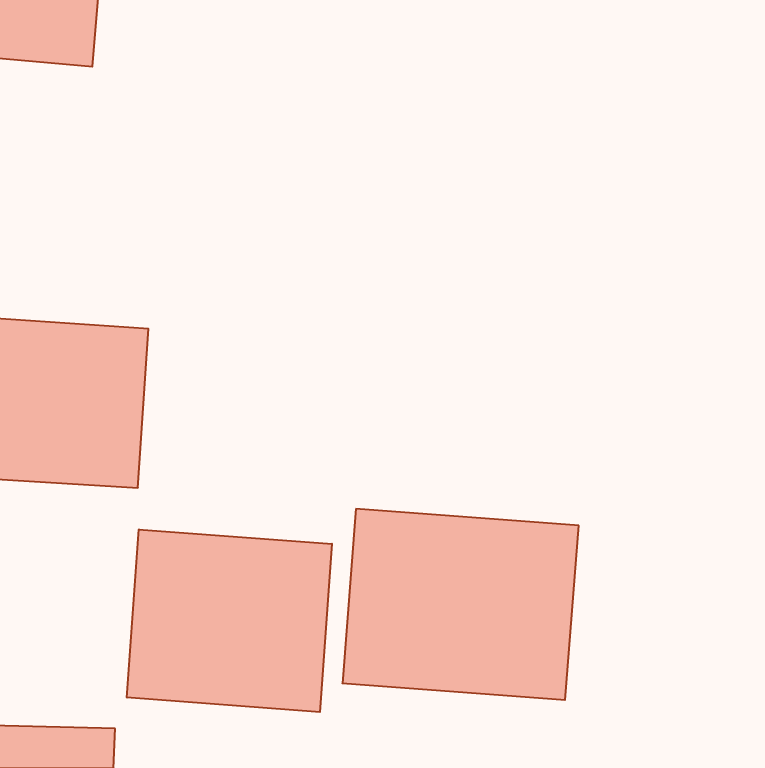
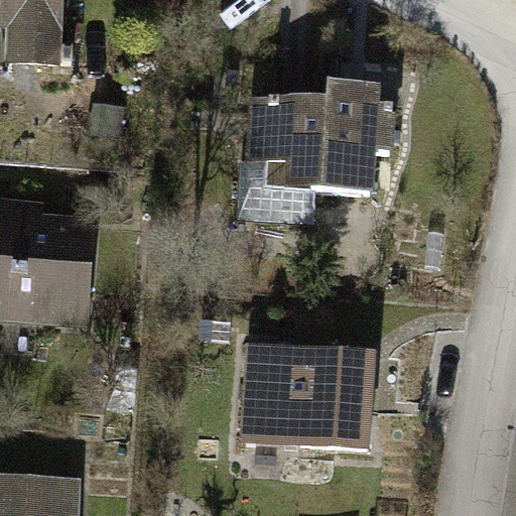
building: none -> [237,88,385,214]
building: [127,529,332,712] -> none

